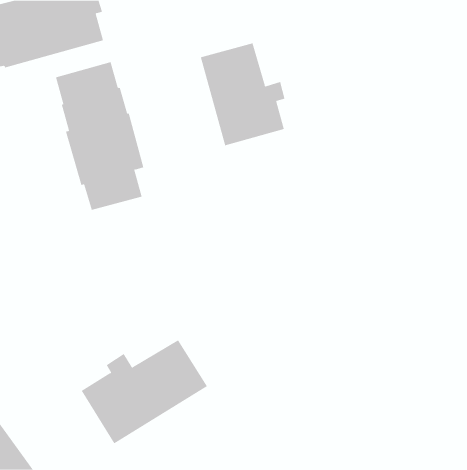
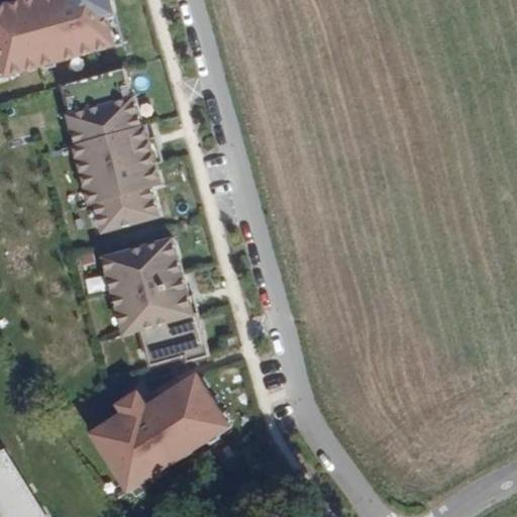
building: [200,42,285,146] -> none
building: none -> [102,237,207,365]

